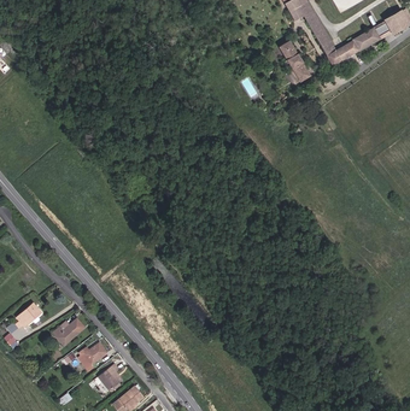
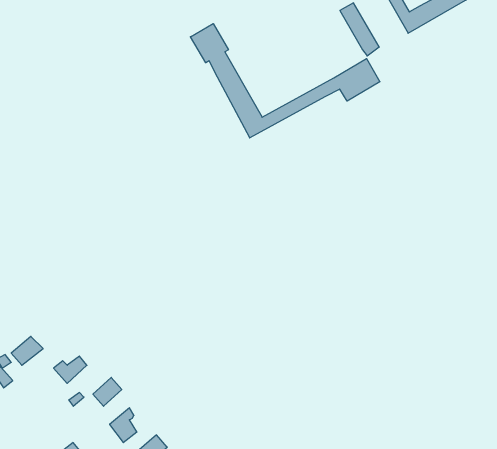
building: none -> [190,24,380,138]

